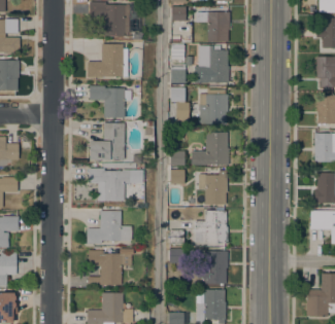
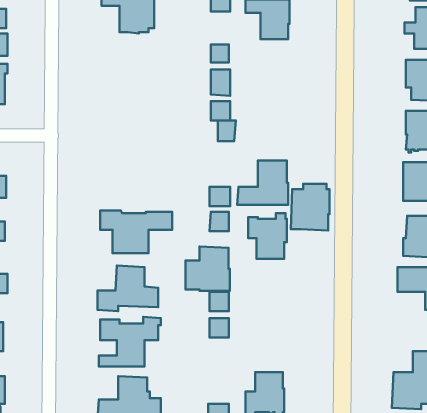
building: [88,43,128,77] -> none
building: [195,44,230,82] -> none
building: [90,85,132,117] -> none
building: [199,89,228,124] -> [291,184,329,231]
building: [90,122,125,159] -> none
building: [195,210,228,243] -> [186,247,230,291]
building: [193,251,228,284] -> none

